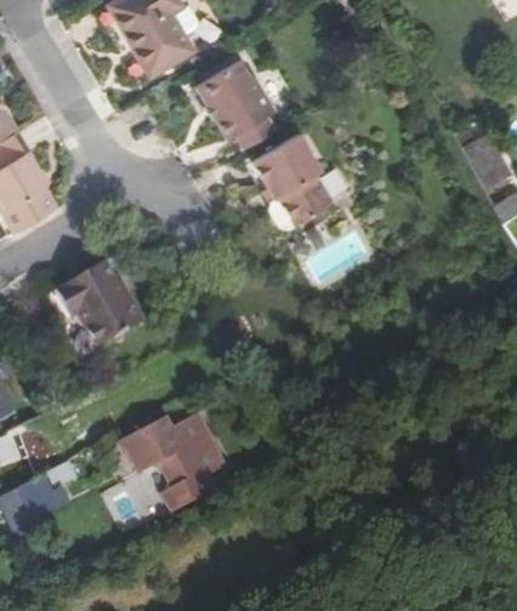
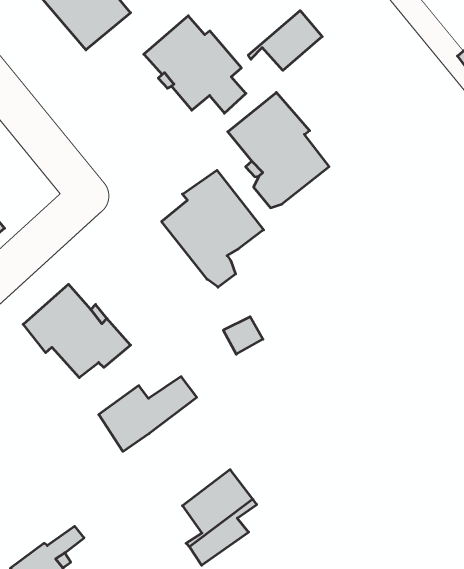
building: none -> [248,11,322,70]
building: none -> [162,170,264,287]
building: [123,421,206,474] -> [99,377,197,451]

